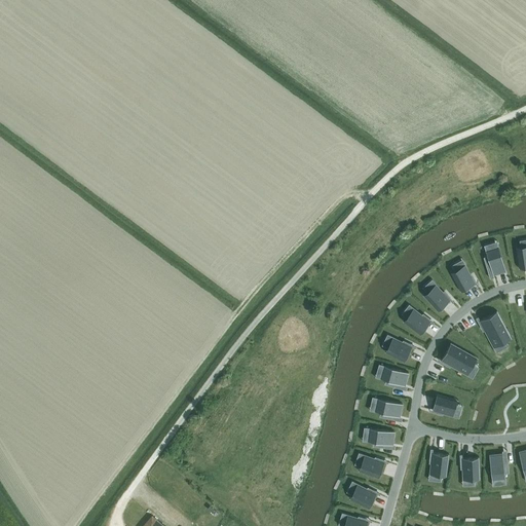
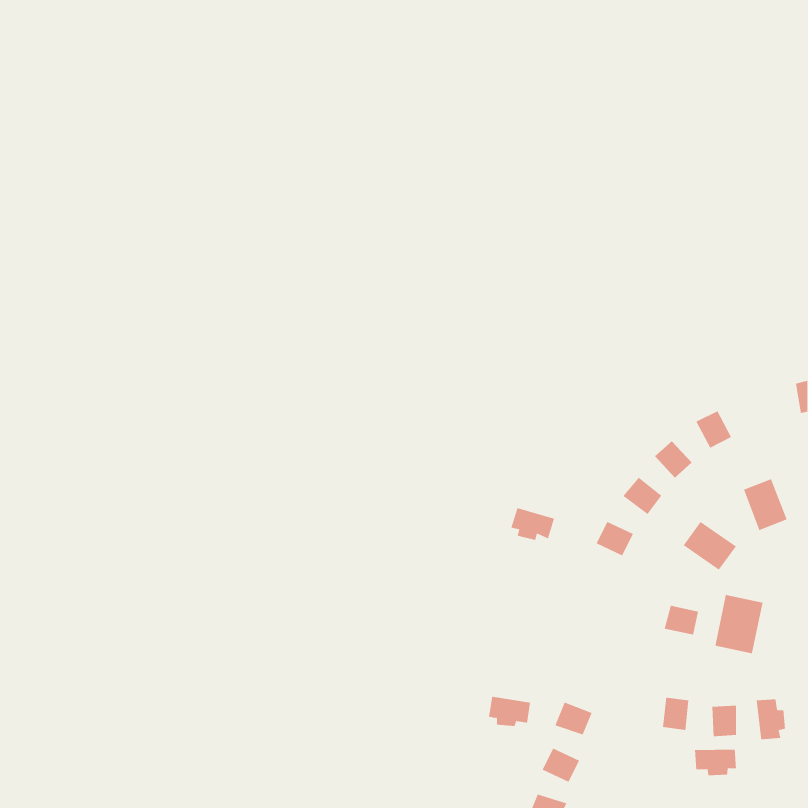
building: [482,248,503,276] -> none
building: [378,368,407,389] -> [510,507,555,541]
building: none -> [715,594,763,654]
building: [373,399,402,419] -> none
building: [367,429,394,449] -> [488,696,531,726]
building: none -> [695,749,736,776]

